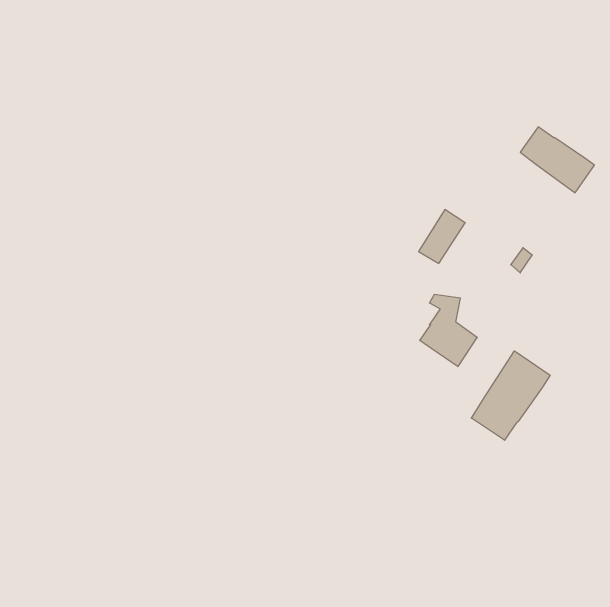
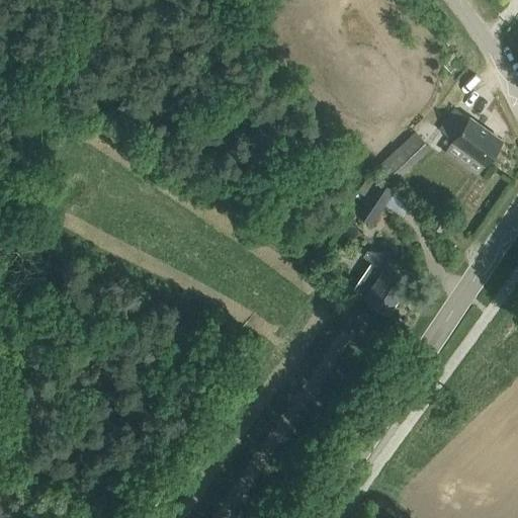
building: none -> [382,139,426,182]
building: [471,351,550,440] -> none

